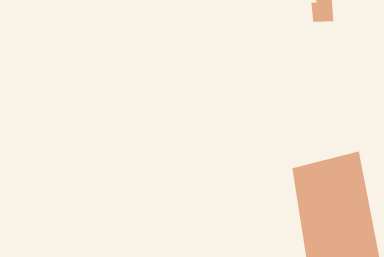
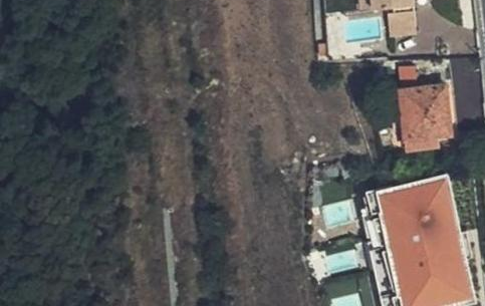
building: none -> [401,85,449,147]

